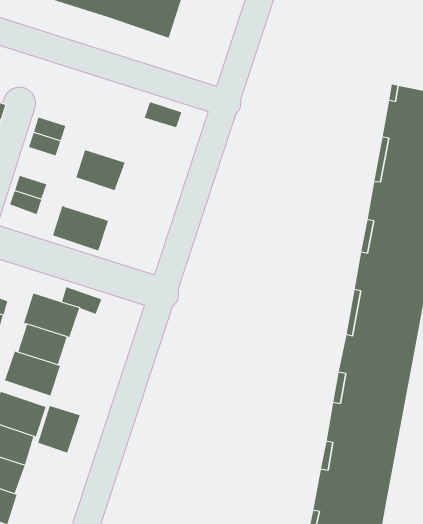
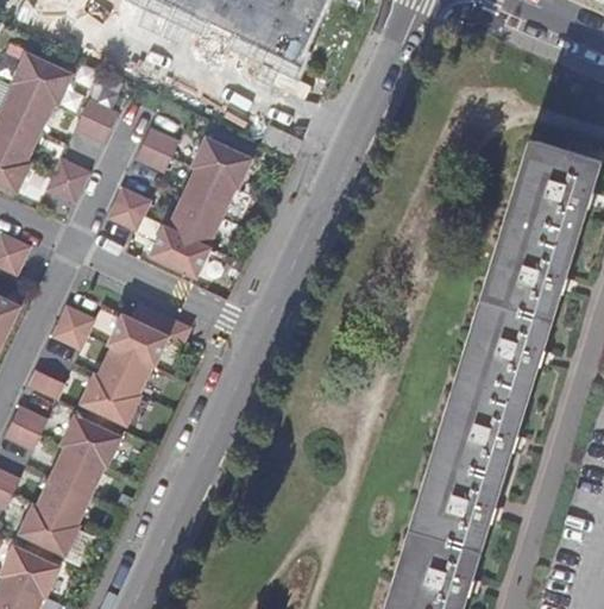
building: none -> [191,136,253,189]
building: none -> [168,197,222,246]
building: [37,405,81,454] -> none

